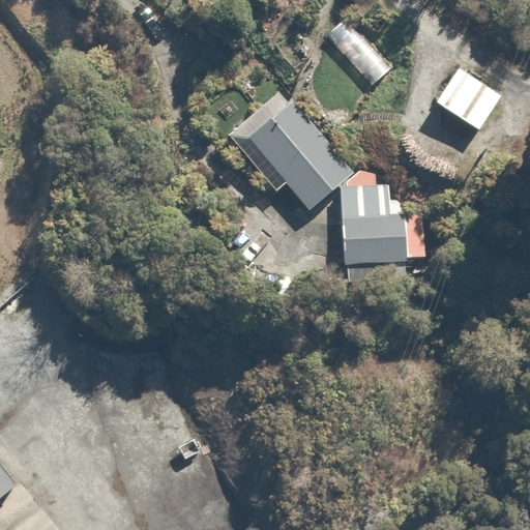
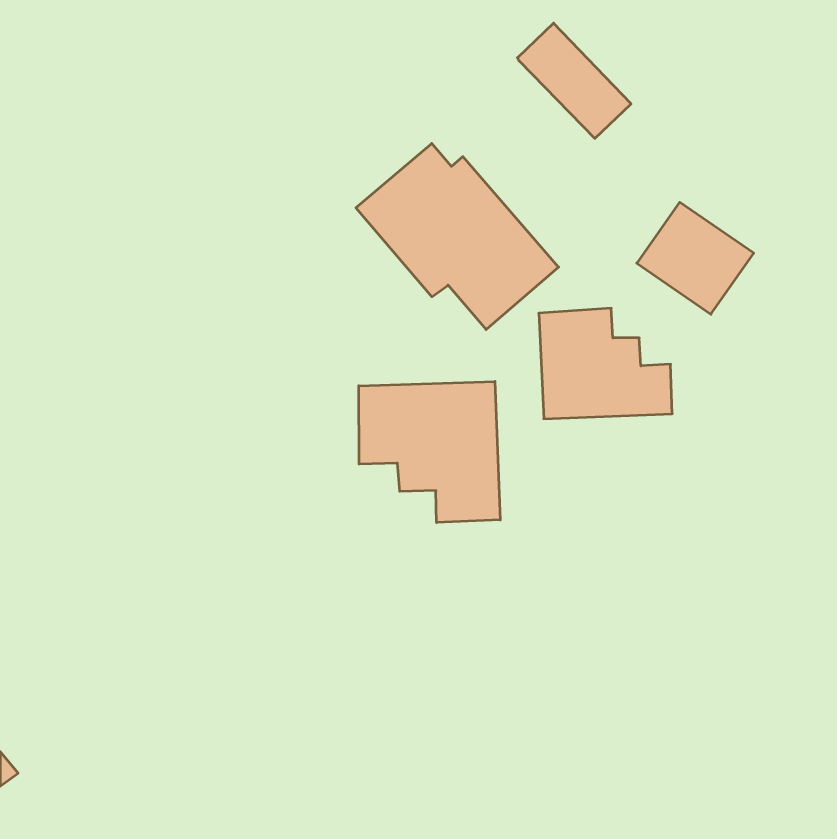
building: [430,64,503,135] -> [637,202,754,314]
building: none -> [359,381,500,523]

